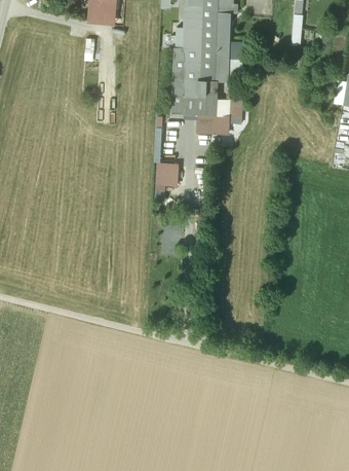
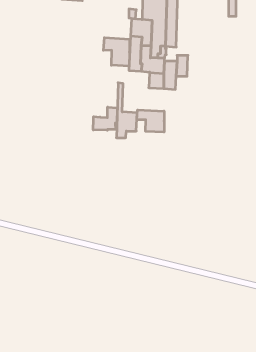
building: none -> [103,38,130,66]
building: none -> [93,107,117,130]
building: none -> [137,110,164,132]

